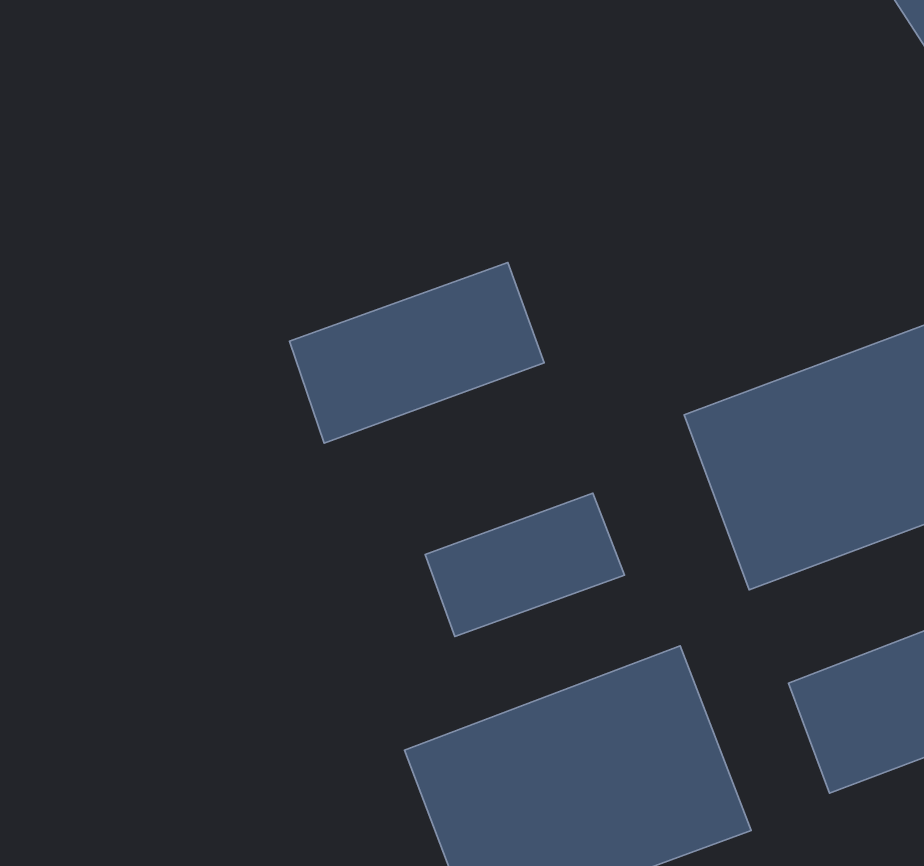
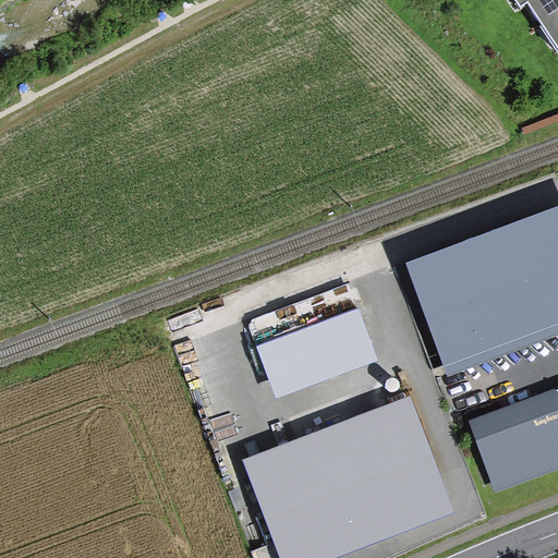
building: [289,262,544,443] -> none

